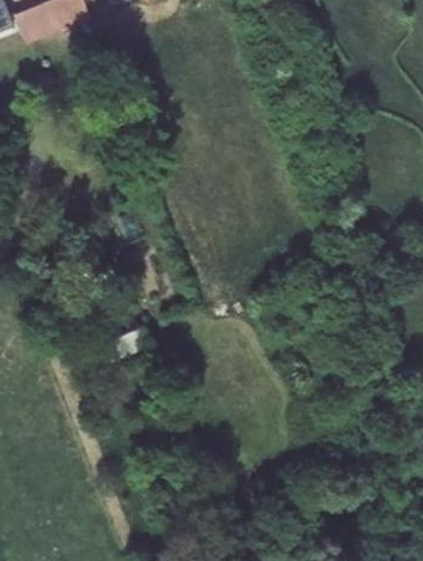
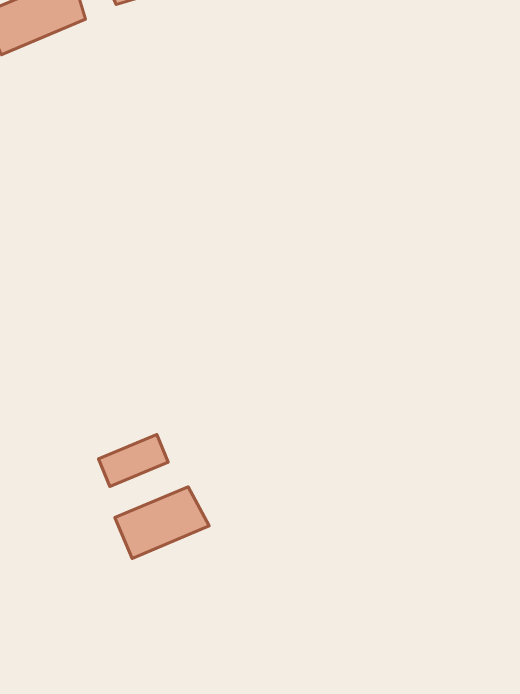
building: none -> [115,487,209,558]

